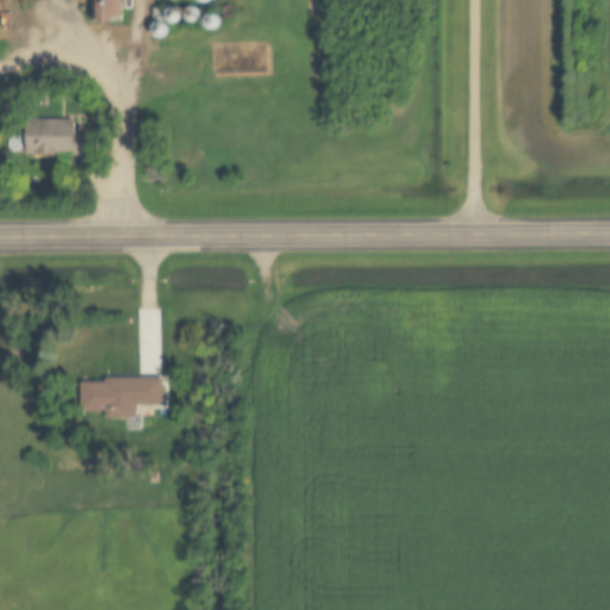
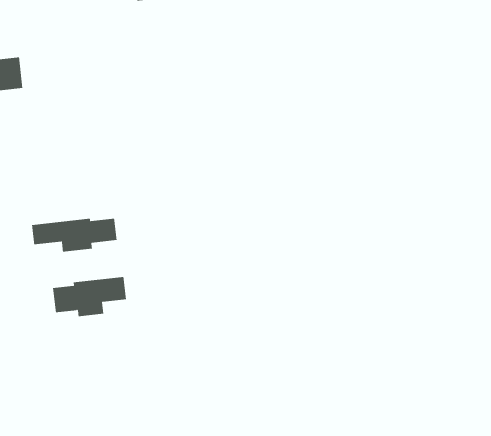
building: none -> [31,218,117,253]

